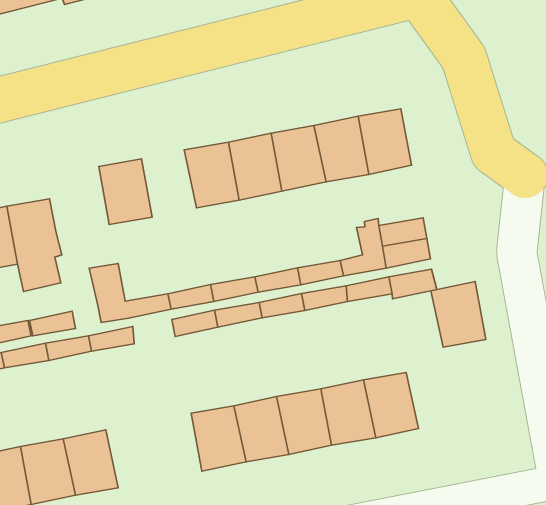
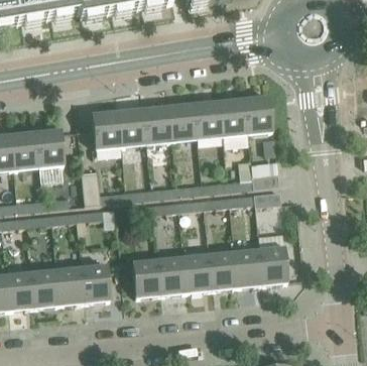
building: none -> [117,109,146,146]
building: [431,282,486,347] -> [259,247,288,283]
building: none -> [82,265,111,301]

